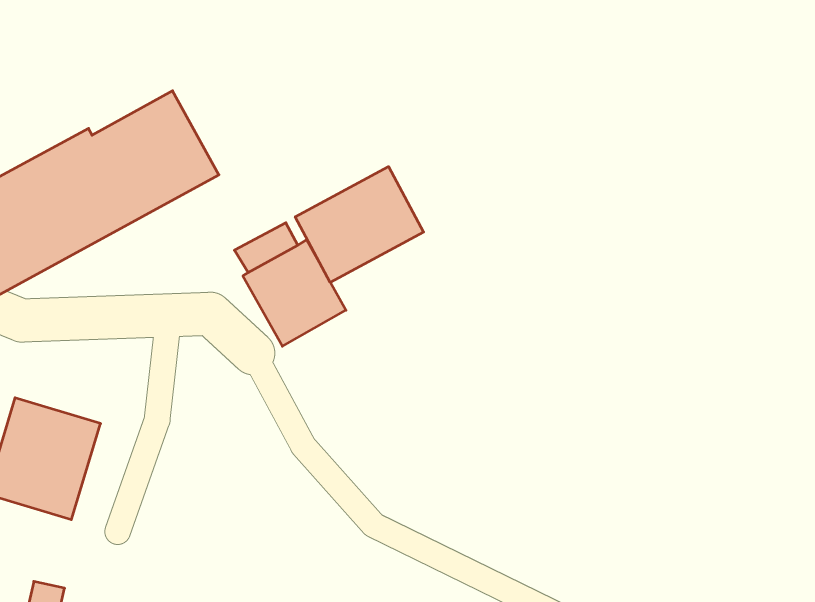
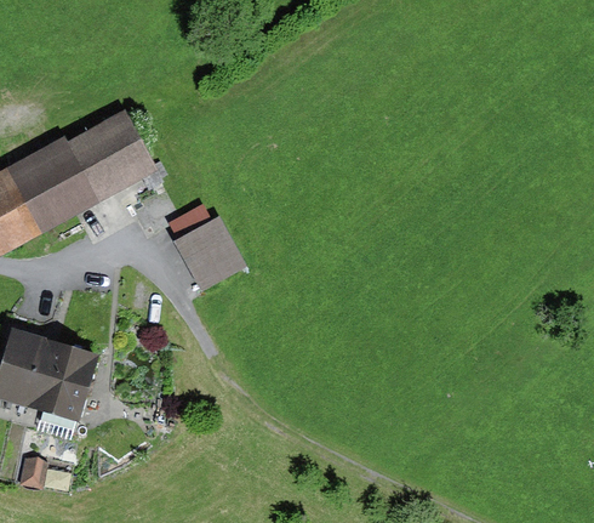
building: [295,167,424,282] -> none
building: none -> [51,346,98,421]

